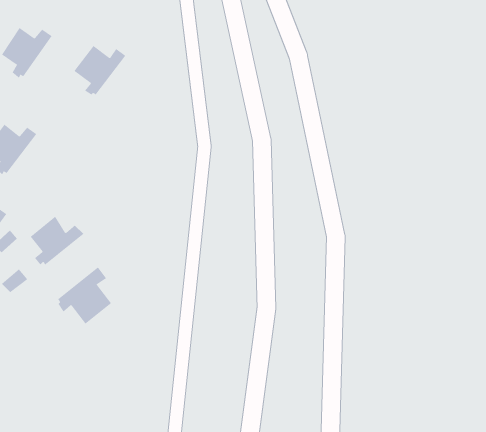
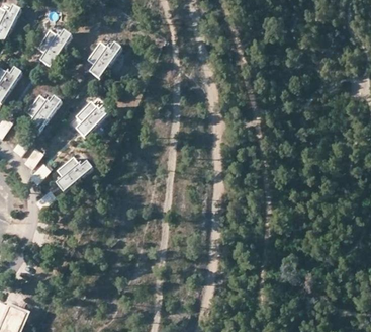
building: none -> [76,101,111,135]
building: [58,266,112,325] -> none

